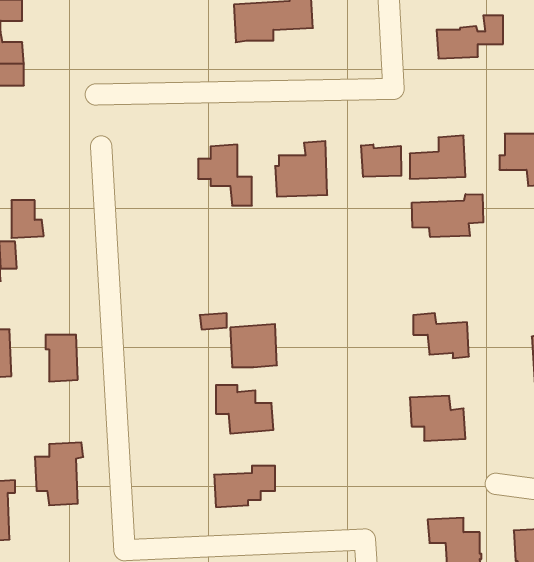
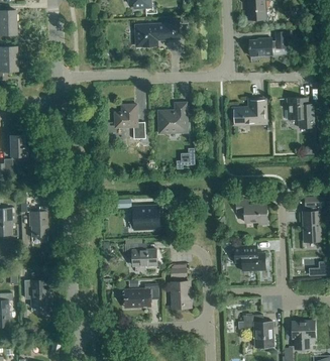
building: [361,144,401,177] -> none
building: [412,194,483,237] -> none
building: none -> [172,282,191,310]

